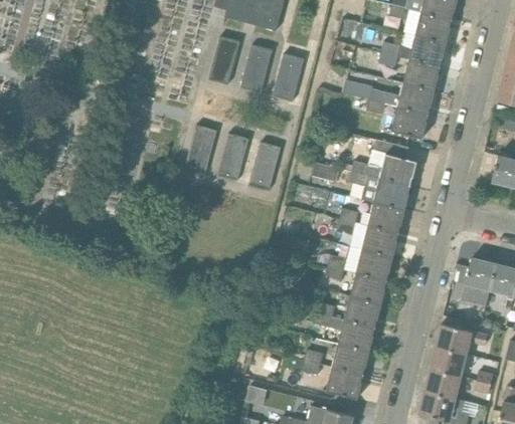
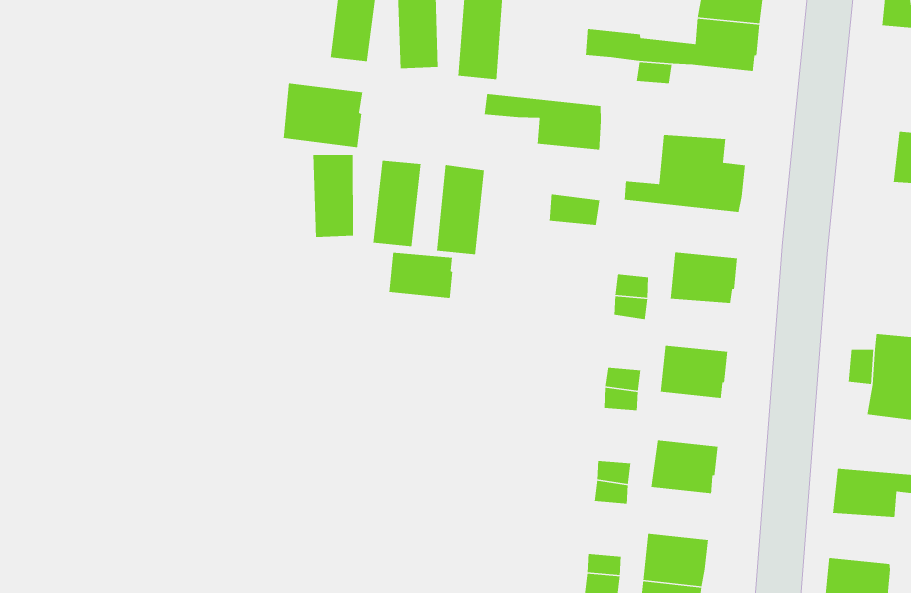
building: none -> [283,82,363,148]
building: [390,107,427,139] -> none
building: [348,171,409,209] -> [484,93,602,151]
building: none -> [388,252,453,299]
building: [361,225,398,256] -> none
building: [350,272,386,304] -> none
building: [338,321,374,352] -> none
building: [430,348,467,378] -> none

